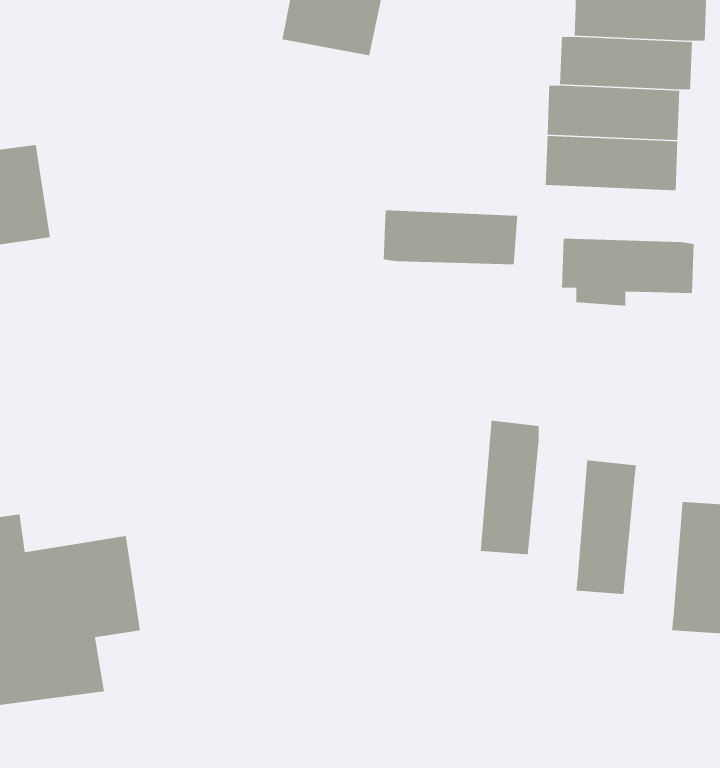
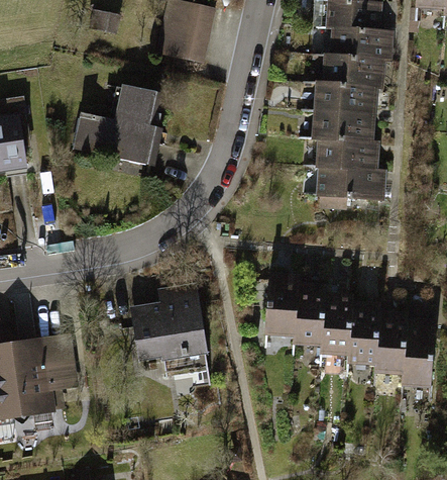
building: none -> [71,78,164,168]
building: [383,209,518,265] -> [311,136,386,168]
building: none -> [298,279,332,355]
building: none -> [131,280,217,361]
building: none -> [352,301,385,377]

